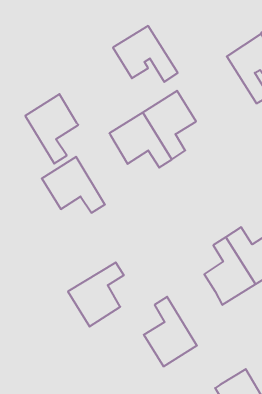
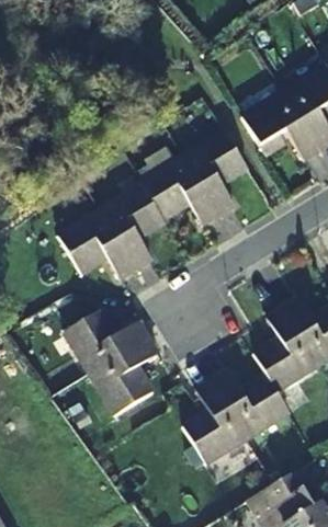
building: [113,26,178,82] -> [240,92,319,160]
building: [25,94,78,164] -> [100,187,165,272]
building: none -> [64,311,148,377]
building: none -> [211,374,291,443]

